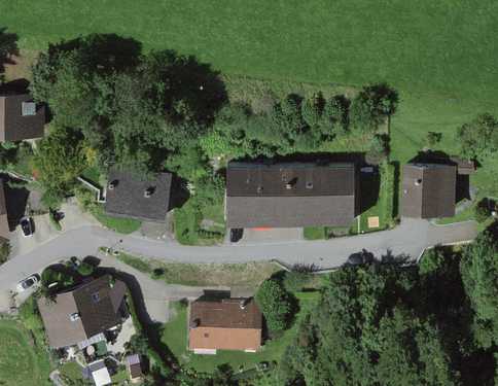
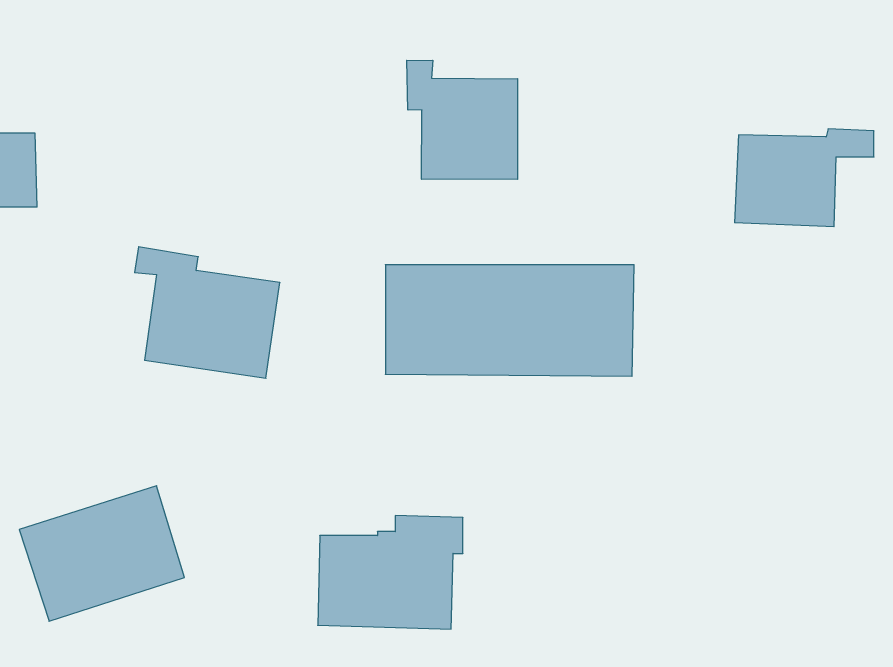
building: none -> [407,60,518,179]
building: [401,163,473,213] -> [735,129,874,227]

